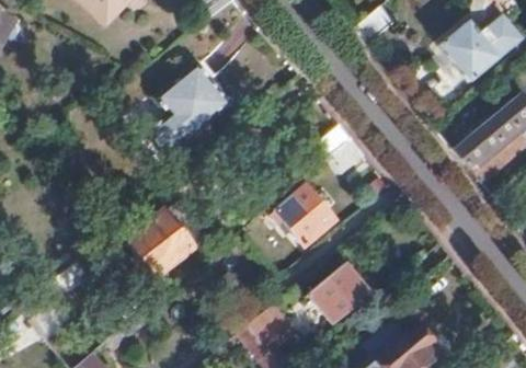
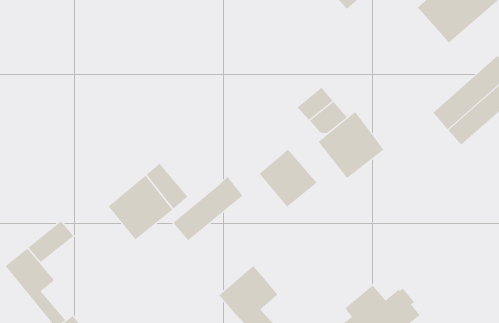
building: [152,62,237,153] -> none
building: none -> [318,111,384,179]
building: none -> [173,176,243,241]
building: [309,265,368,324] -> none

